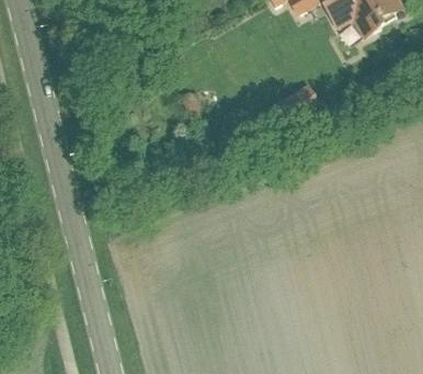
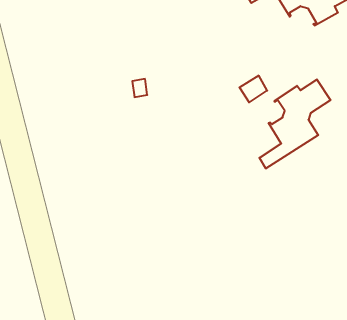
building: none -> [259,79,330,169]

